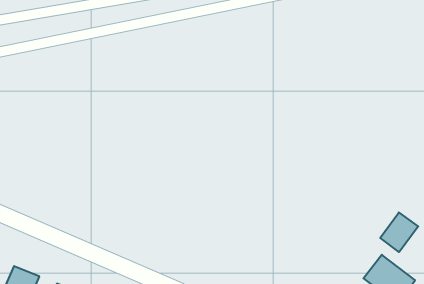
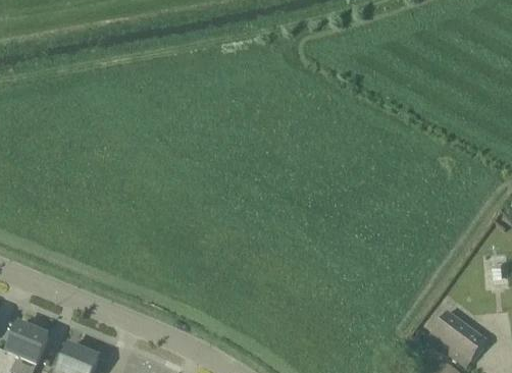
building: [380,212,418,252] -> none

